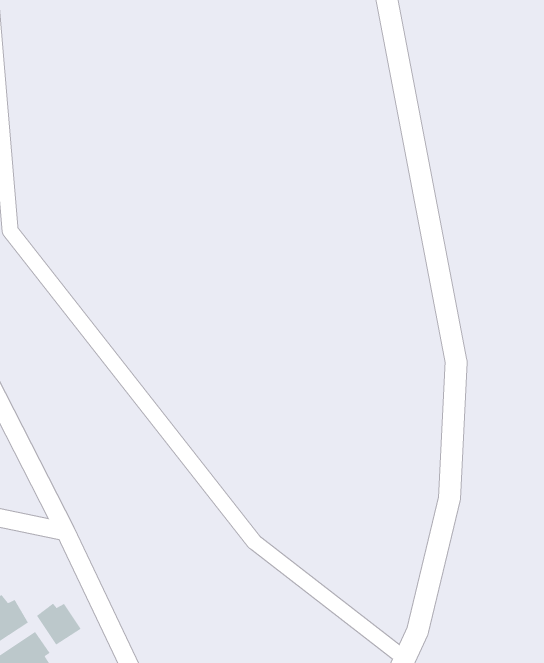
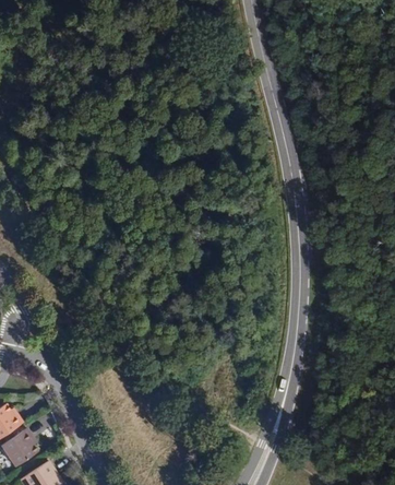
building: [36,603,82,645] -> none

